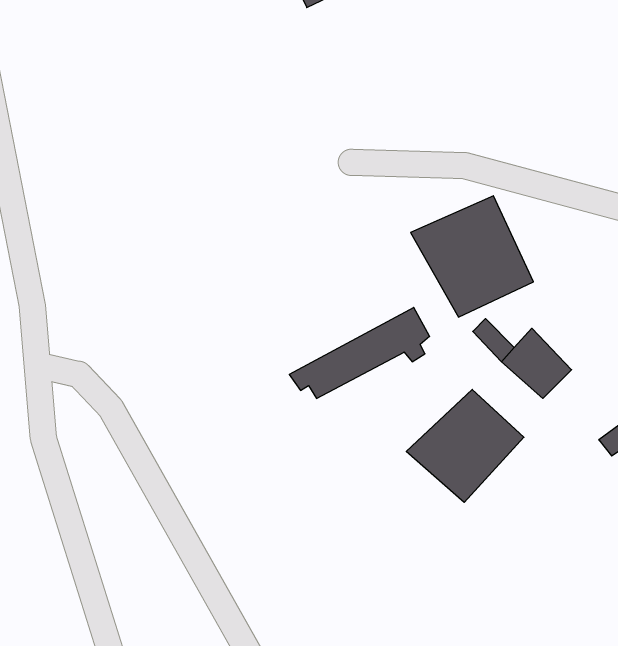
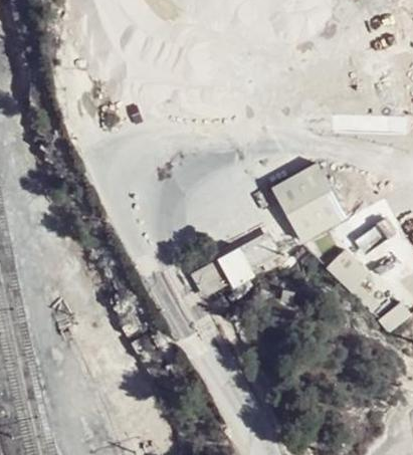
building: [406,389,524,502] -> none

